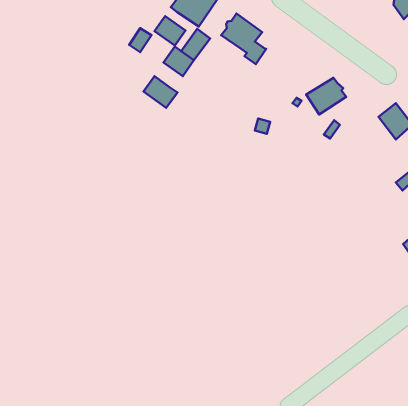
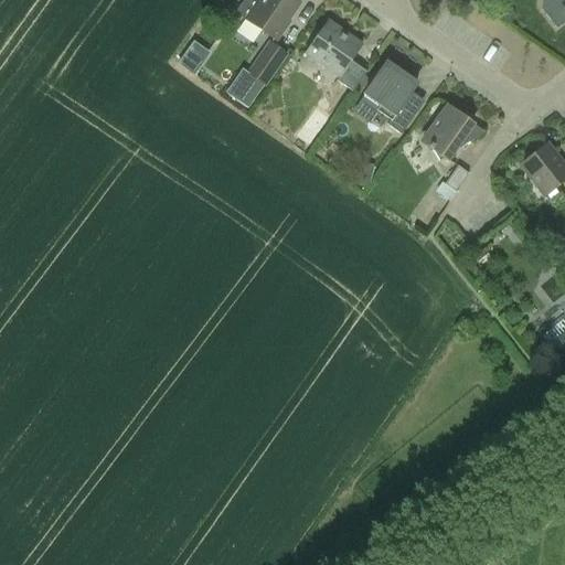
building: [154,16,185,46] -> none
building: none -> [353,60,426,131]
building: [143,76,177,108] -> none

